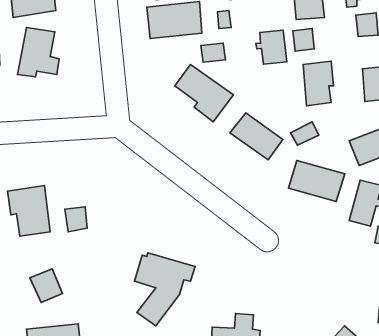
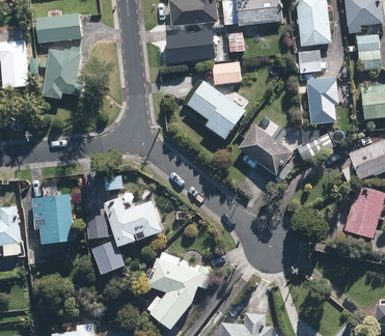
building: [256,30,287,64] -> none
building: [288,161,345,202] -> none
building: none -> [105,199,161,245]
building: [30,269,62,303] -> [93,242,123,273]

